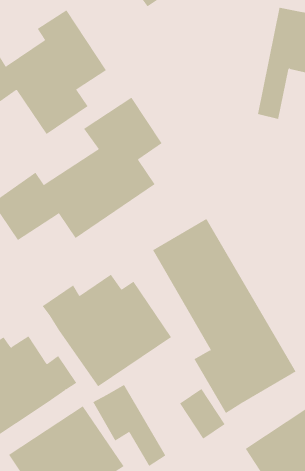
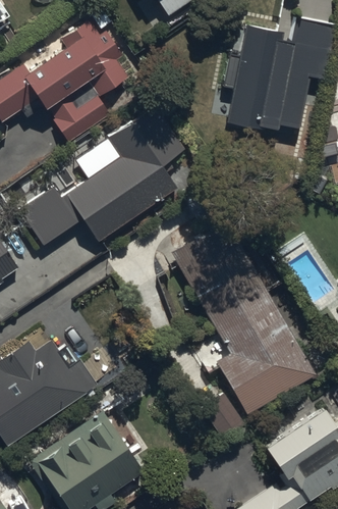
building: none -> [226,24,292,132]
building: [42,274,172,387] -> none
building: [93,384,166,467] -> none

